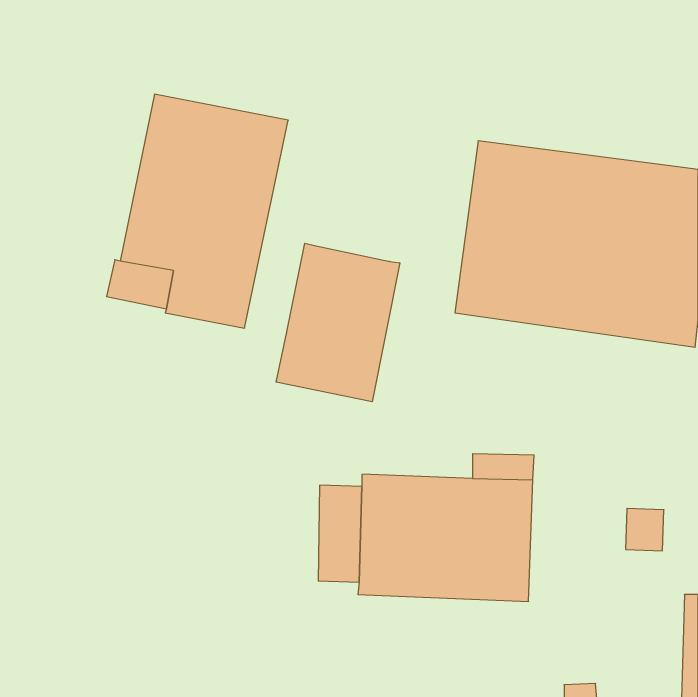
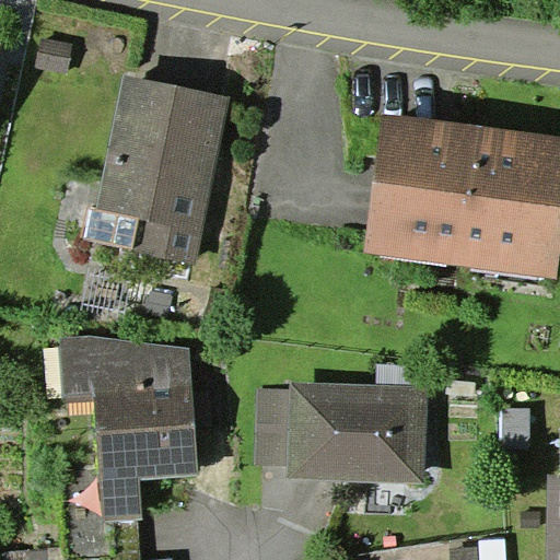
building: [276,243,400,402] -> none
building: none -> [59,336,198,521]

